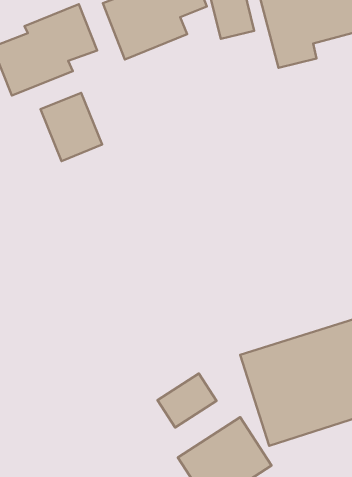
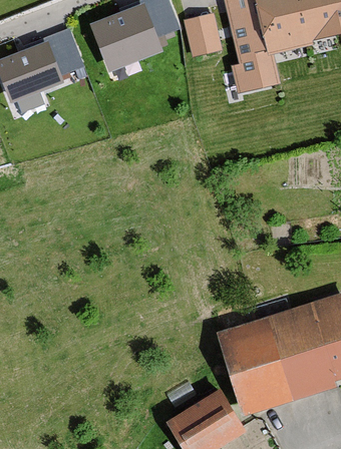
building: [41,93,102,161] -> none
building: [158,374,217,427] -> none

